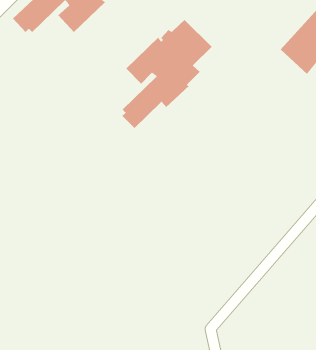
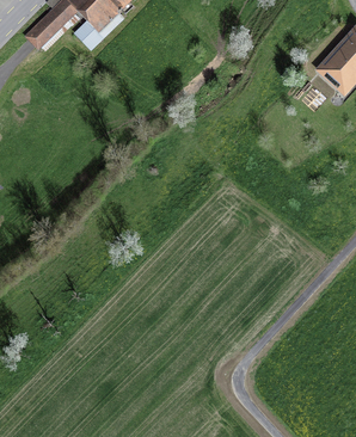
building: [121,19,212,129] -> none

